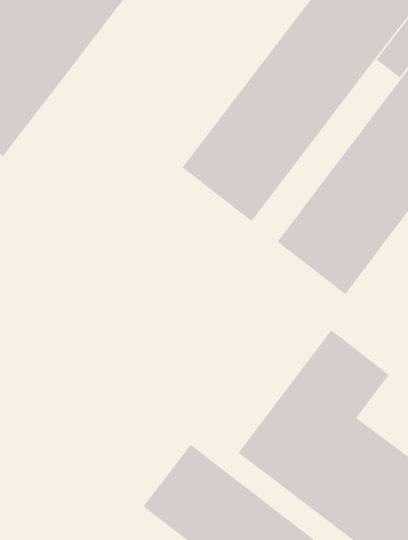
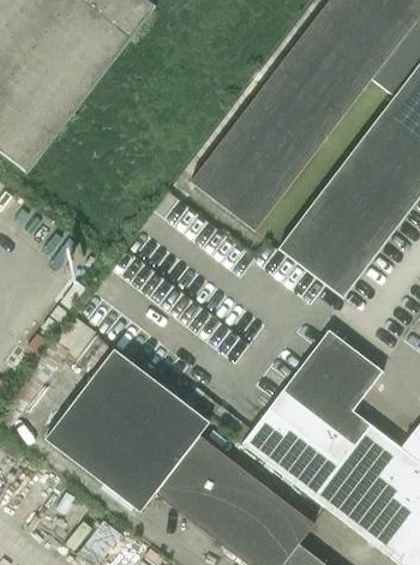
building: none -> [44,348,208,511]

